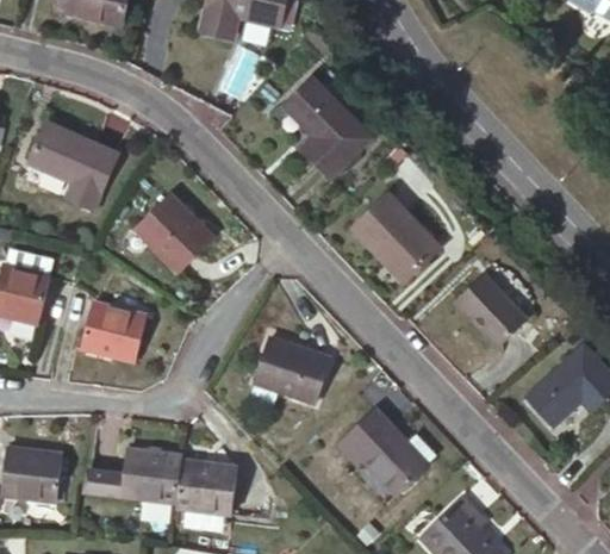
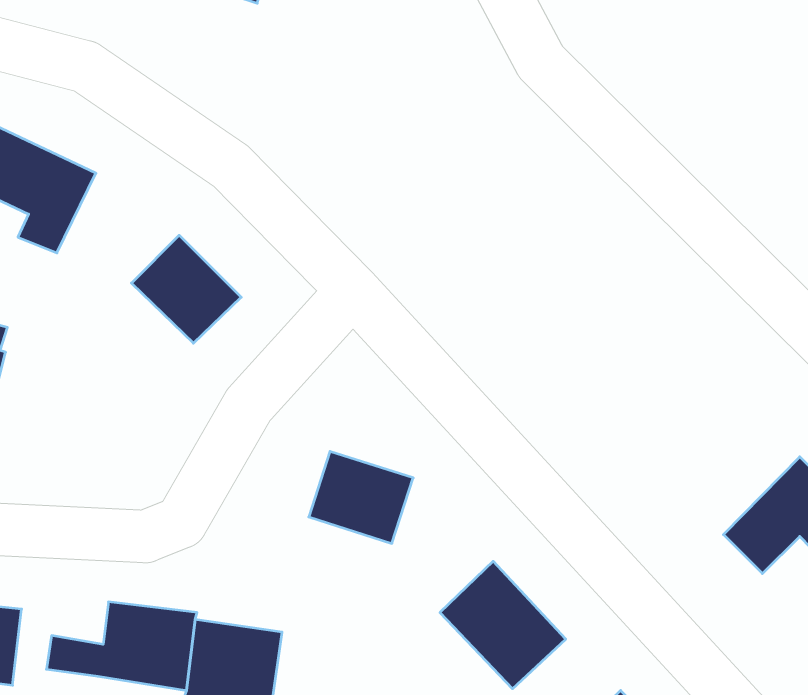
building: [286,81,367,176] -> none
building: [355,201,438,286] -> none
building: [461,276,528,344] -> none
building: [83,300,151,361] -> none

